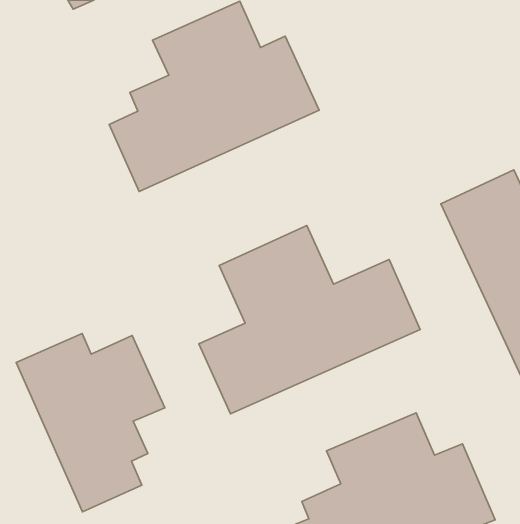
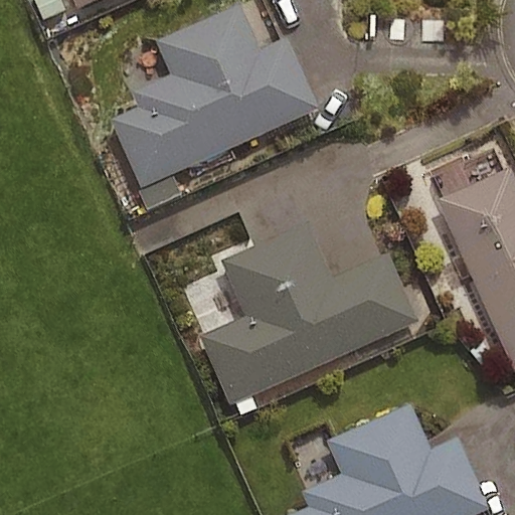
building: [16,333,165,512] -> none

